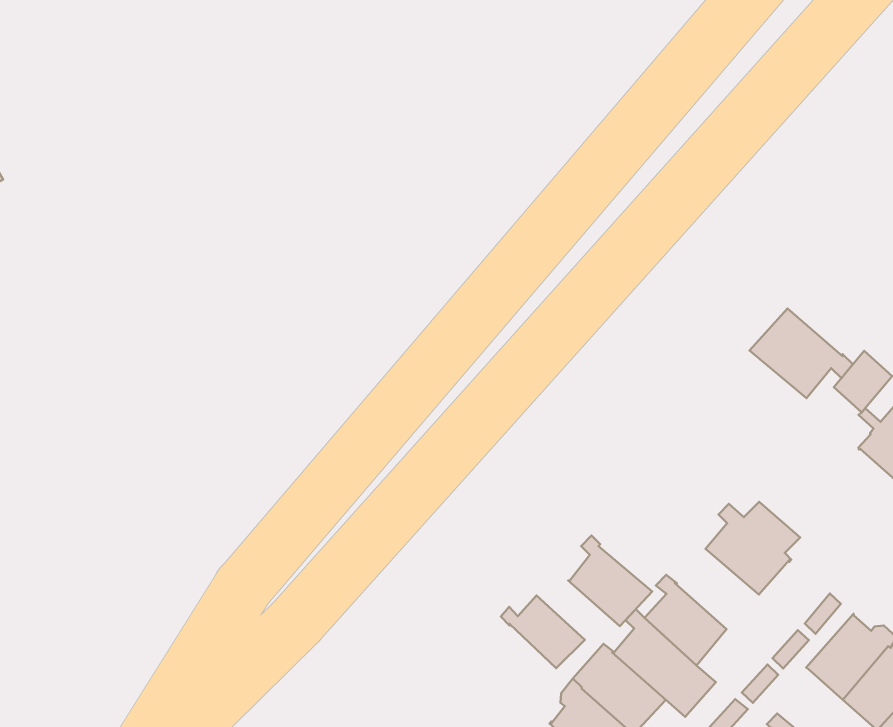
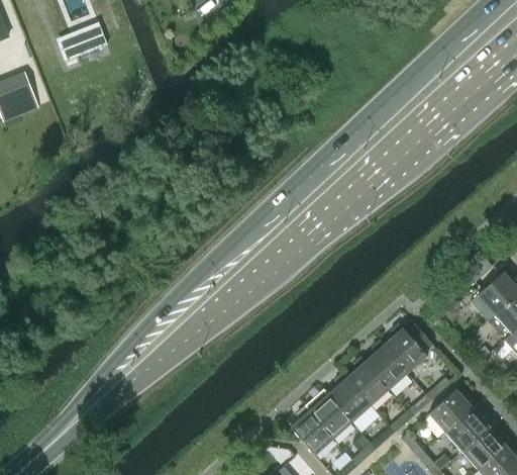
building: none -> [59,29,107,62]
building: [749,309,853,398] -> none
building: [568,535,652,626] -> [365,340,408,389]
building: [501,595,585,668] -> none

